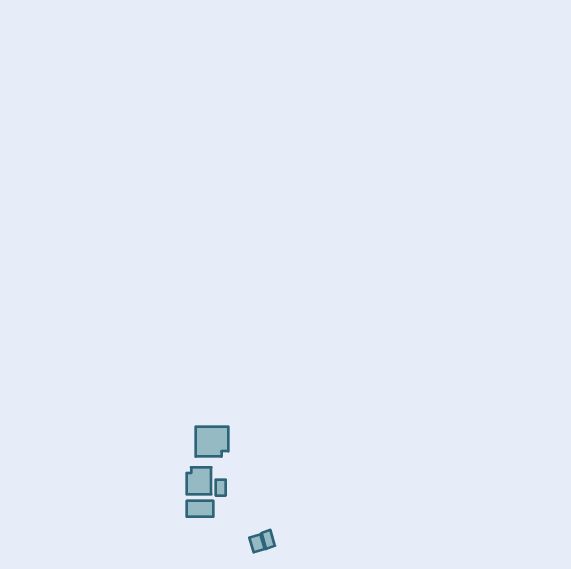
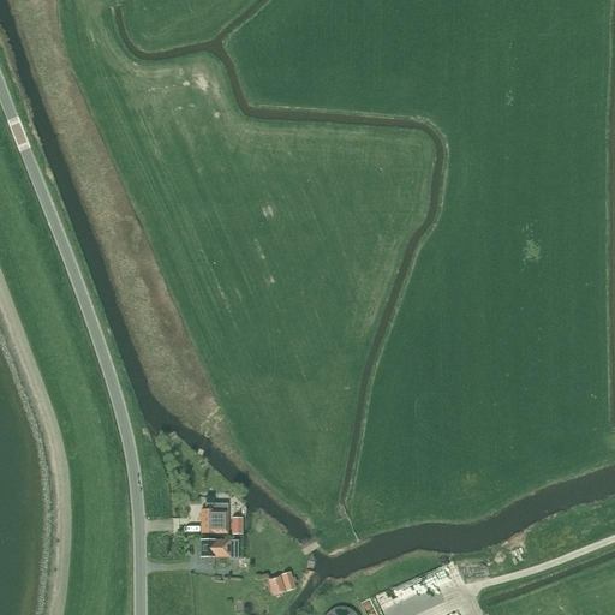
building: [196,427,228,457] -> none

